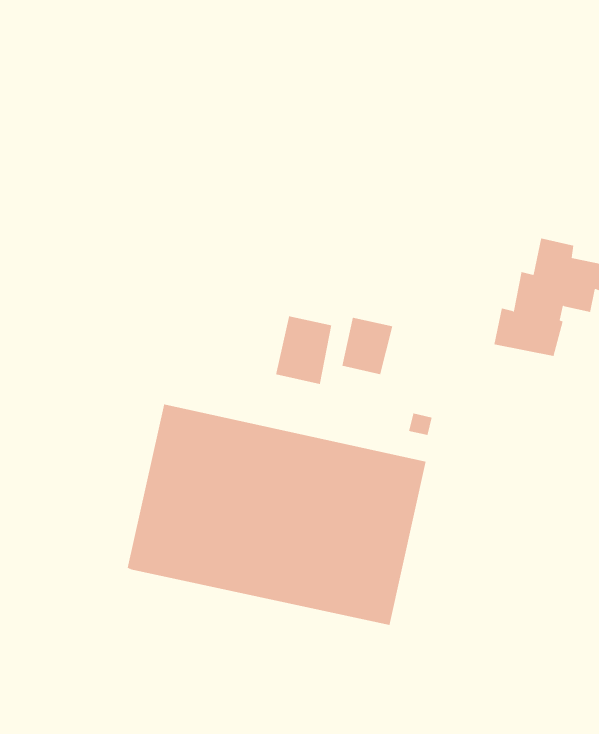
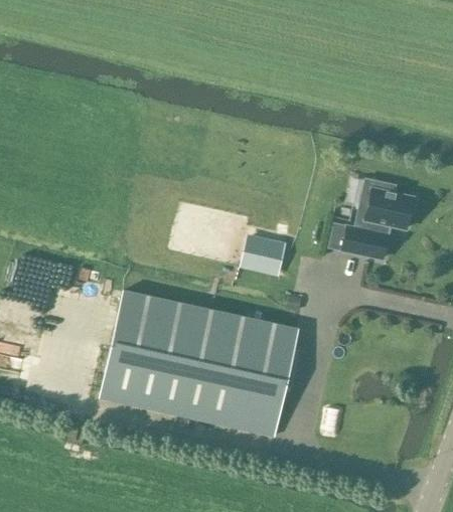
building: [275,316,332,385] -> none

